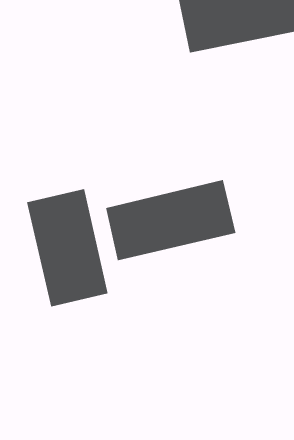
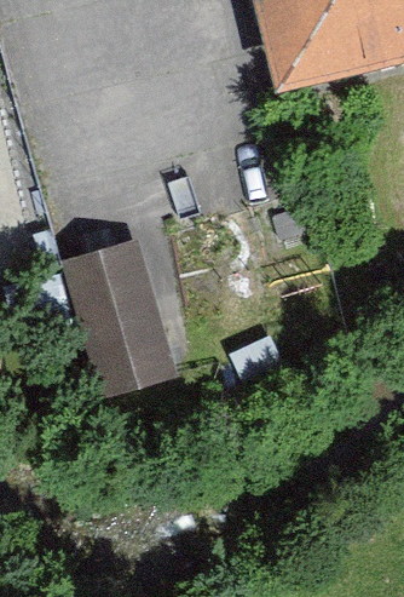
building: [105,179,236,261] -> none

